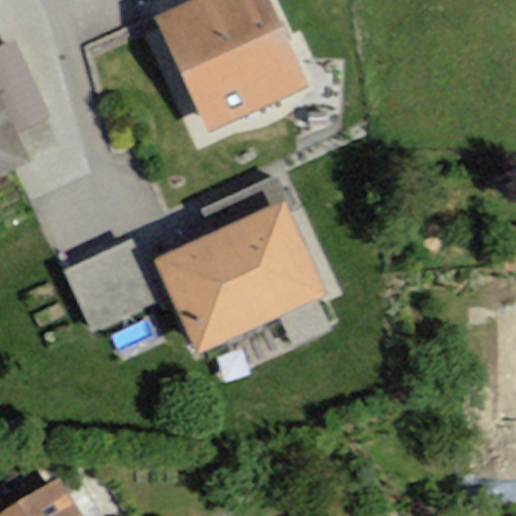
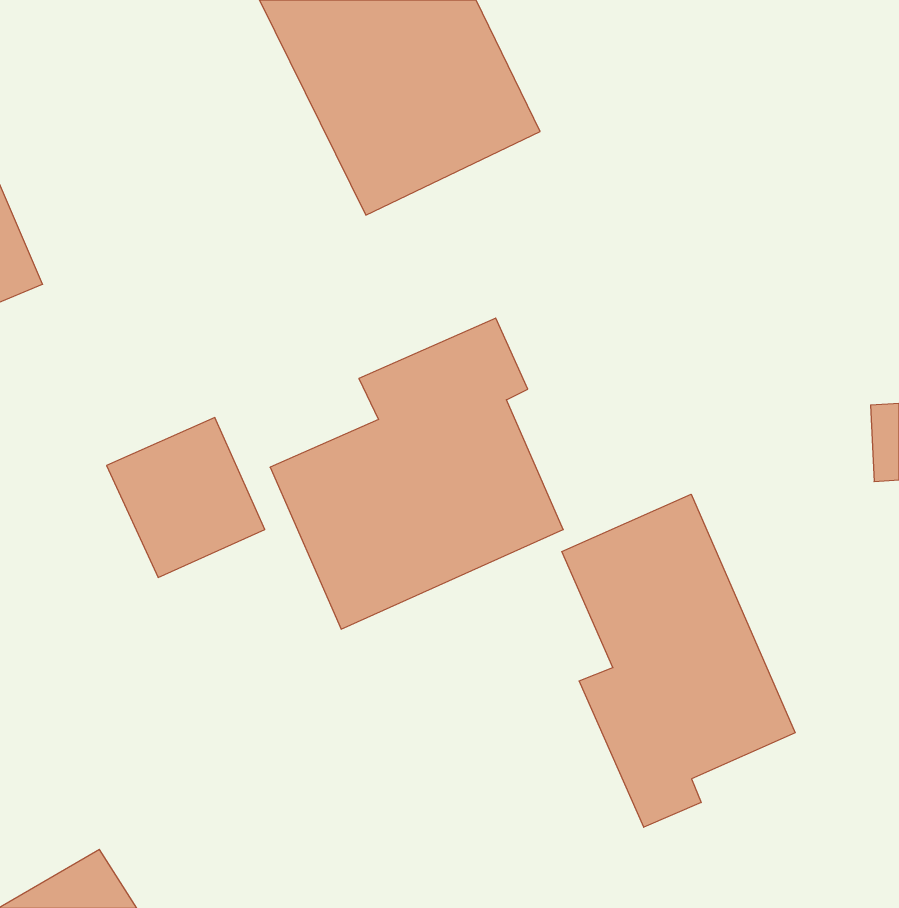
building: none -> [562,494,795,827]

